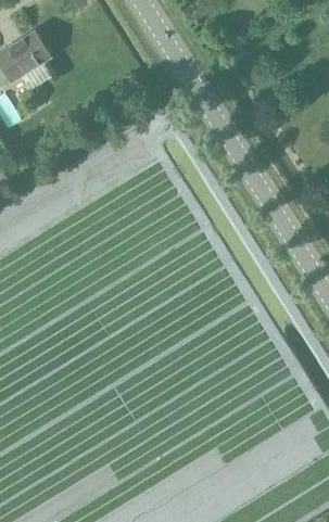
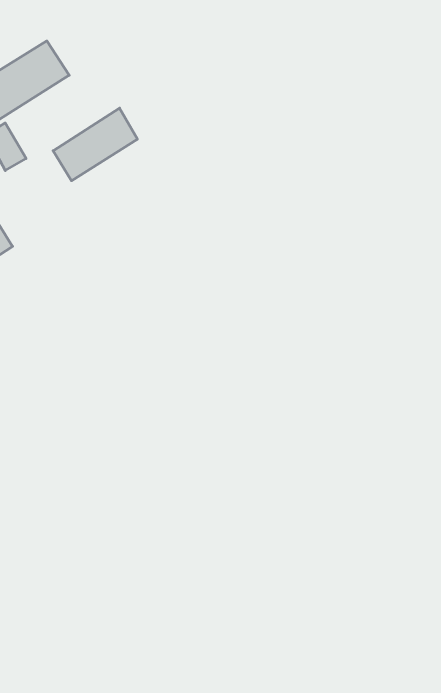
building: none -> [53,108,137,181]

